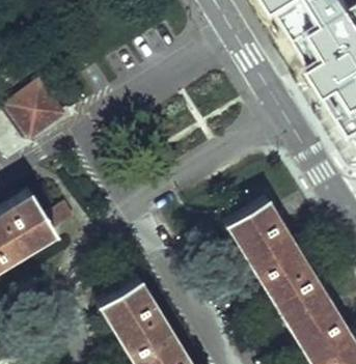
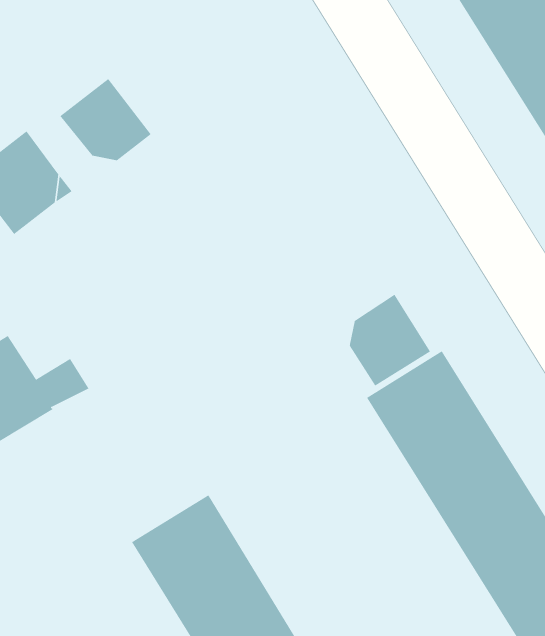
building: none -> [60,78,152,161]
building: none -> [349,294,431,387]

